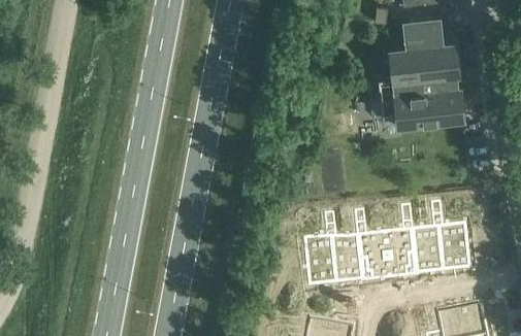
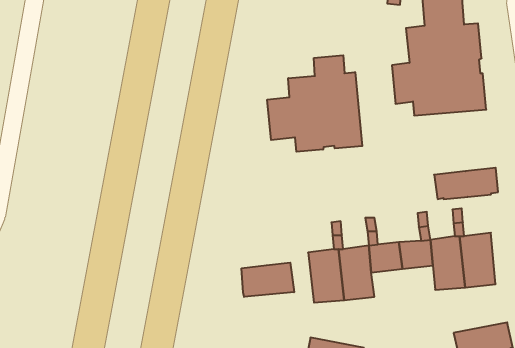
building: none -> [267,55,362,152]
building: none -> [242,263,294,297]
building: [361,254,418,281] -> [434,168,498,199]

